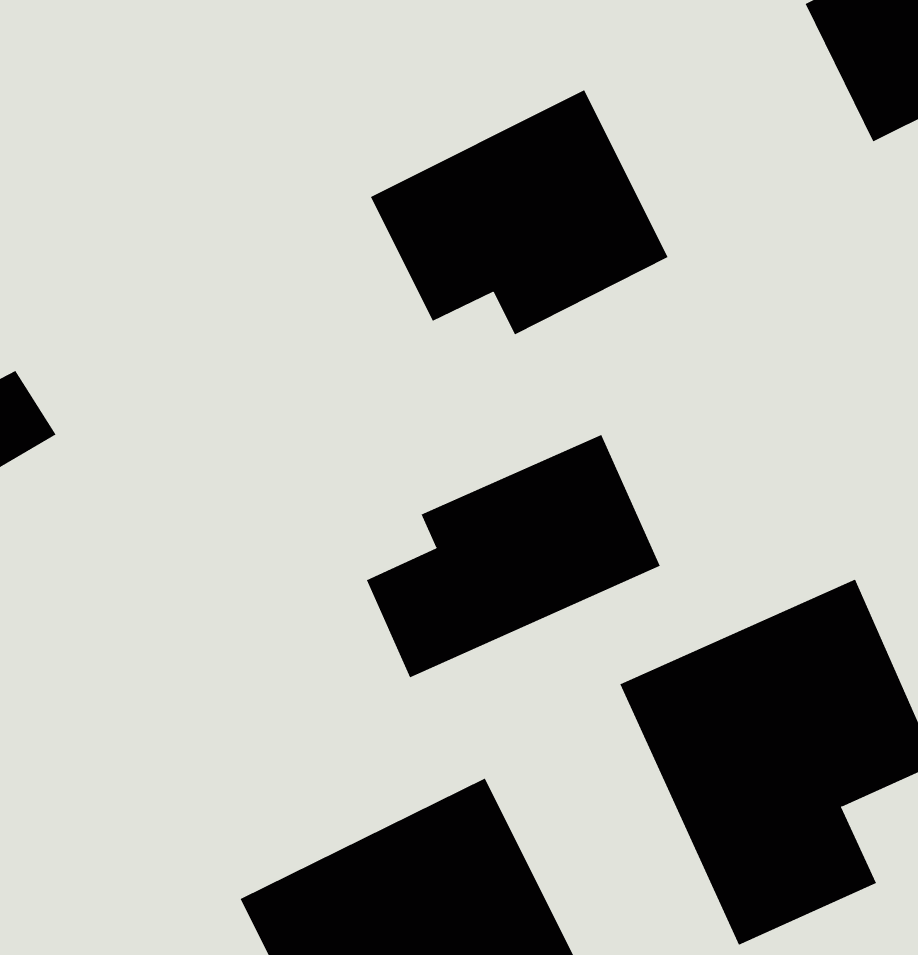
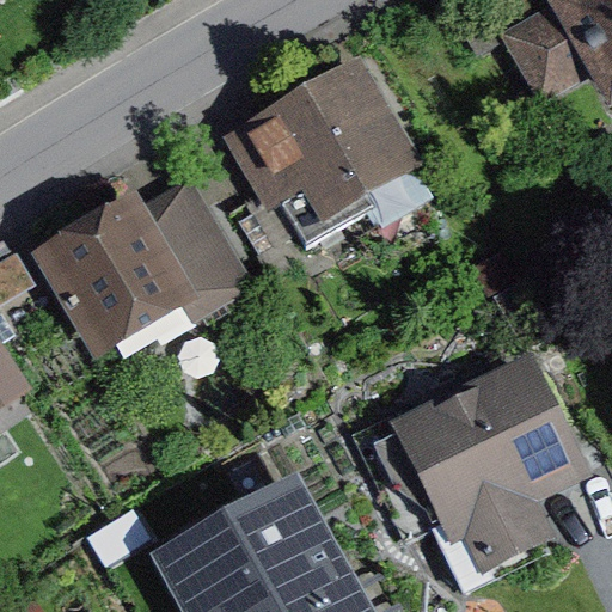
building: none -> [37,175,240,356]
building: [366,434,660,678] -> none

